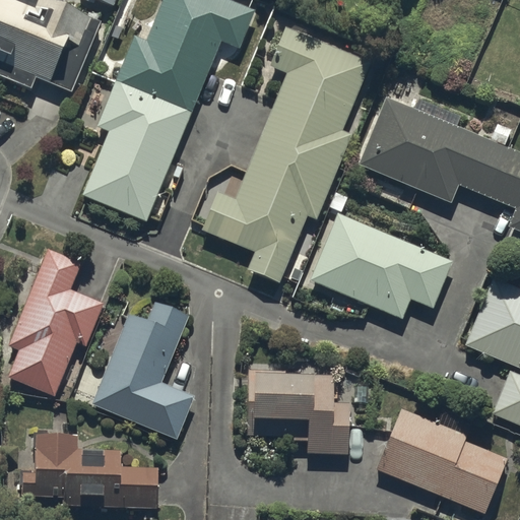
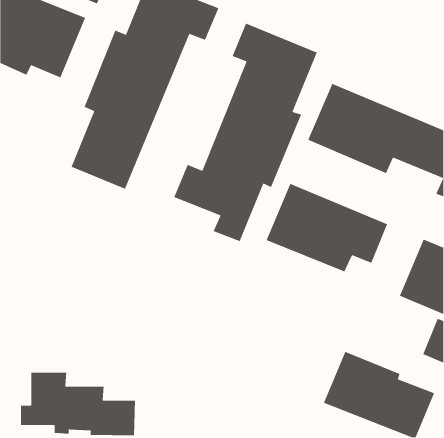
building: [8,248,104,395] -> none
building: [91,302,195,439] -> none
building: [248,369,349,454] -> none

